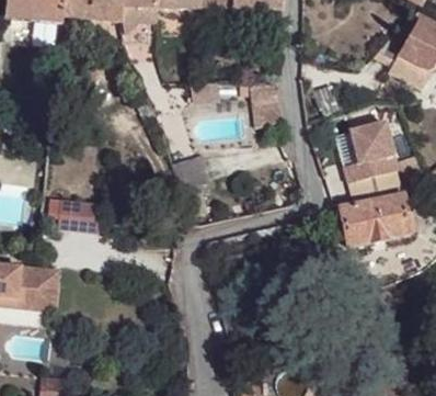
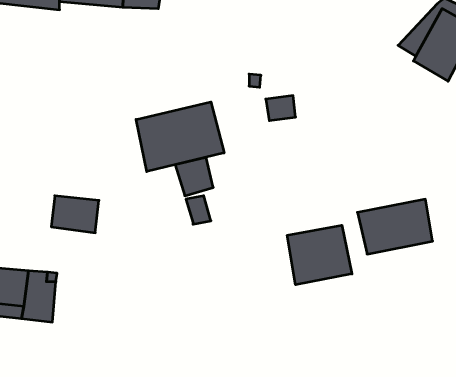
building: none -> [136,102,224,172]
building: [342,125,395,185] -> none
building: none -> [287,225,352,285]

